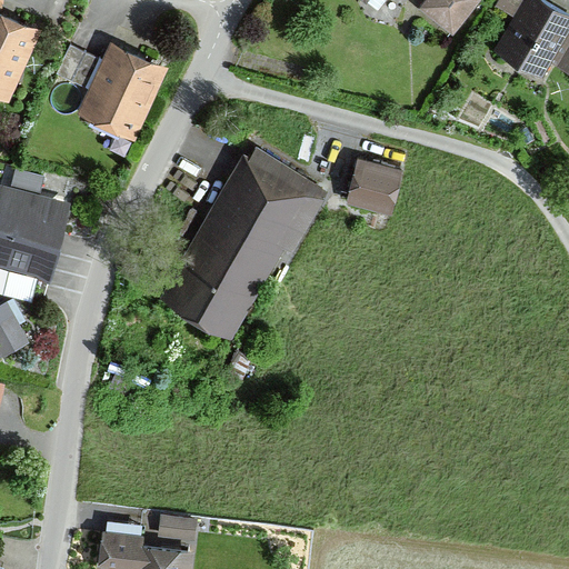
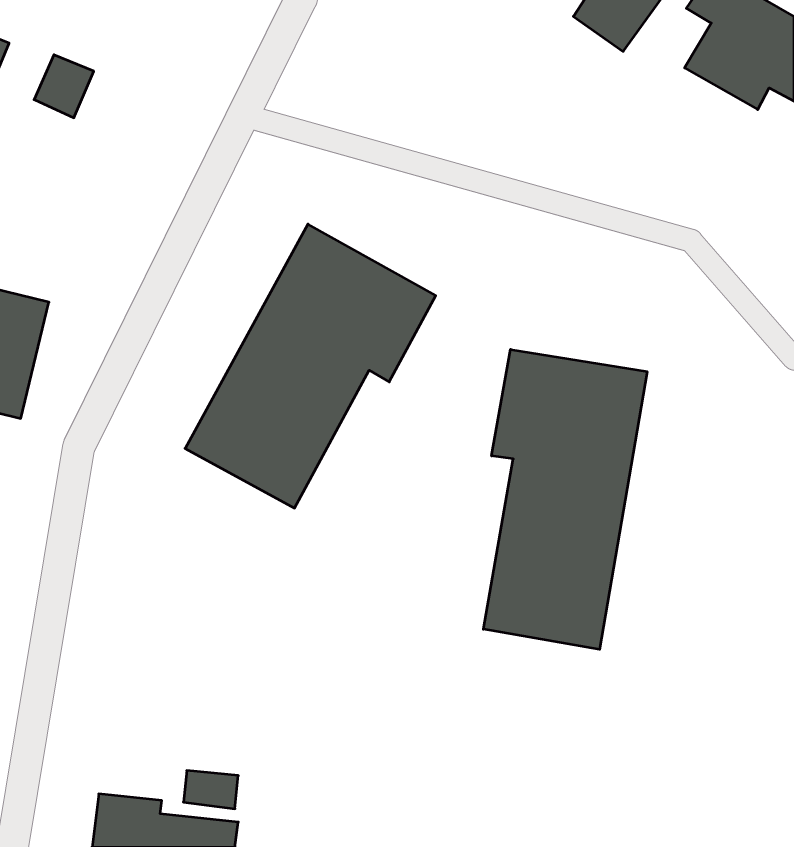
building: [78,43,167,140] -> none
building: [348,160,401,213] -> none
building: none -> [483,349,647,649]

